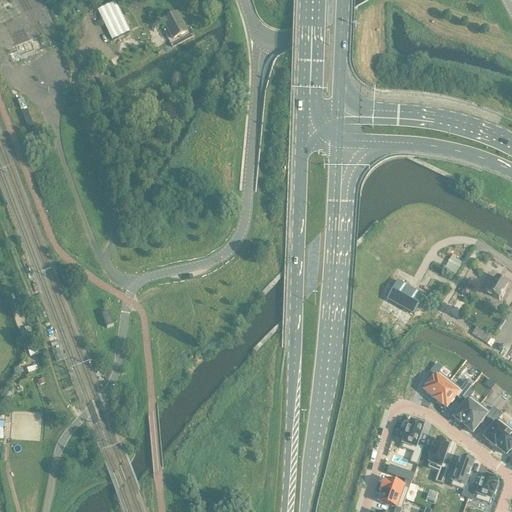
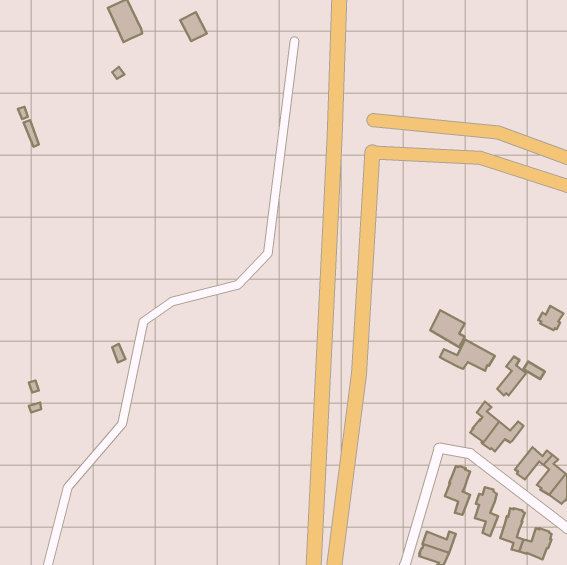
building: none -> [440,339,495,371]
building: [453,387,479,422] -> [497,357,526,395]

